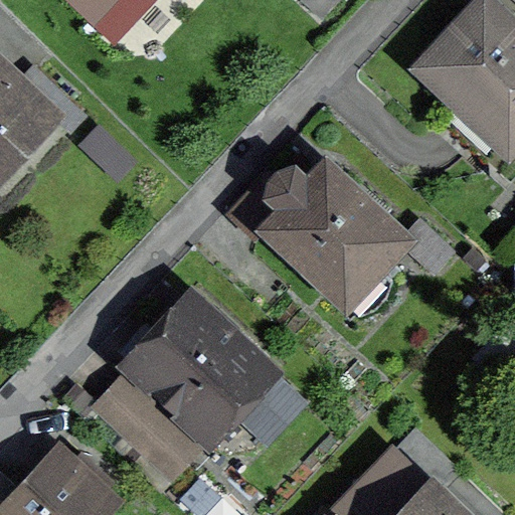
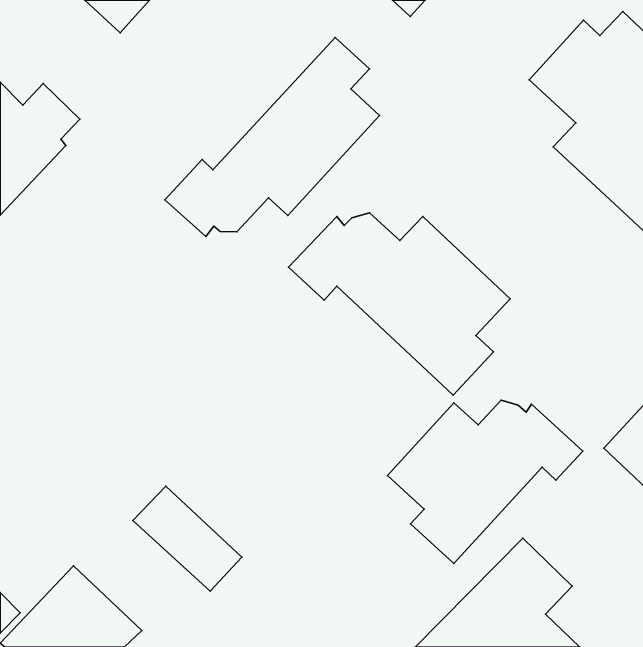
building: none -> [165,38,380,236]
building: [139,303,306,439] -> none
building: none -> [388,400,583,563]

